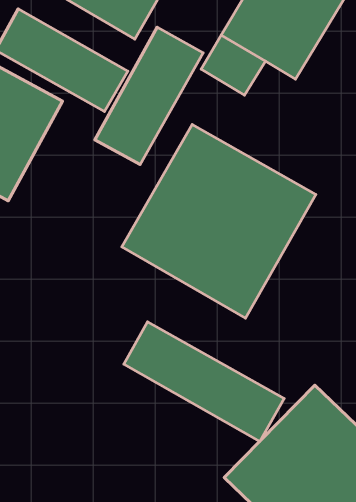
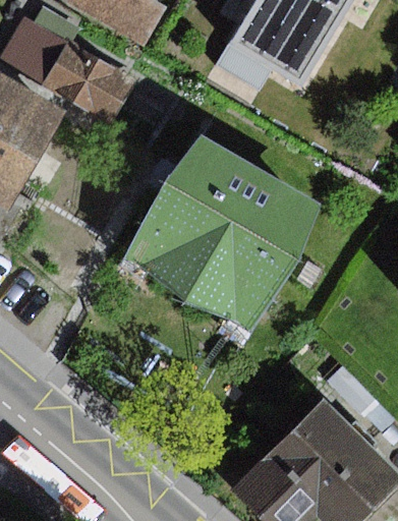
building: [95,27,203,165] -> none
building: [124,322,284,441] -> none

